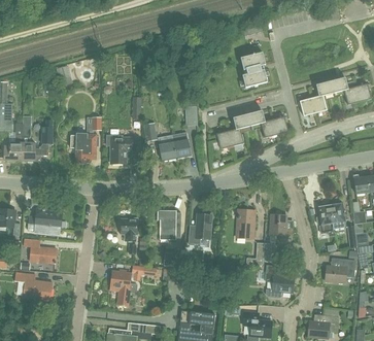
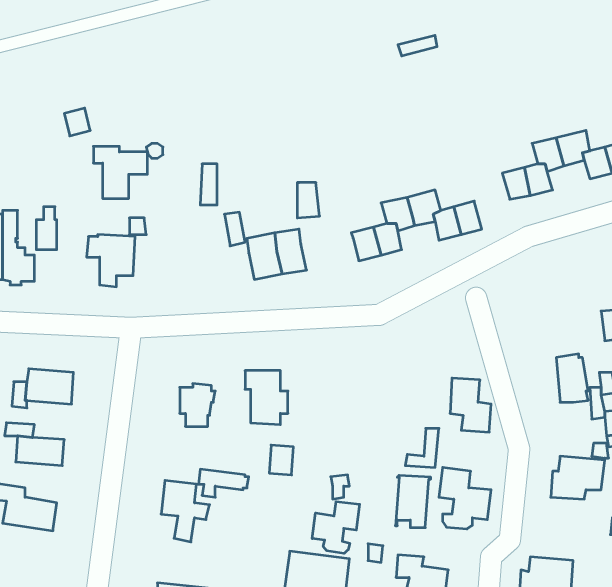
building: [240,50,267,87] -> none
building: [106,134,136,163] -> [93,146,147,198]
building: [316,202,334,235] -> none
building: [236,208,256,237] -> [395,475,431,528]
building: [189,213,211,243] -> none
building: none -> [312,502,360,553]

